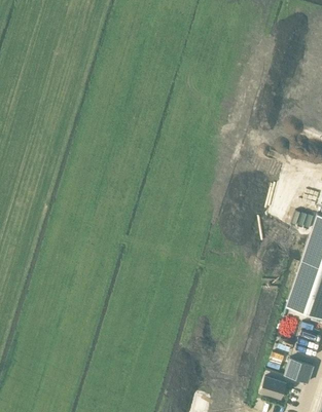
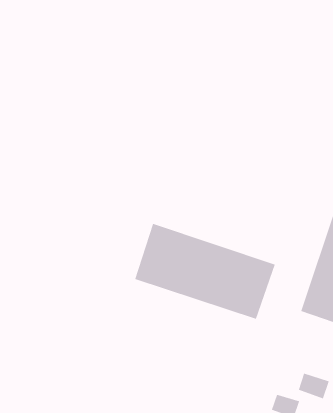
building: none -> [134,223,276,320]

